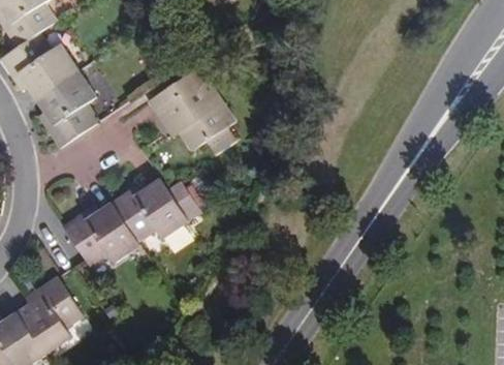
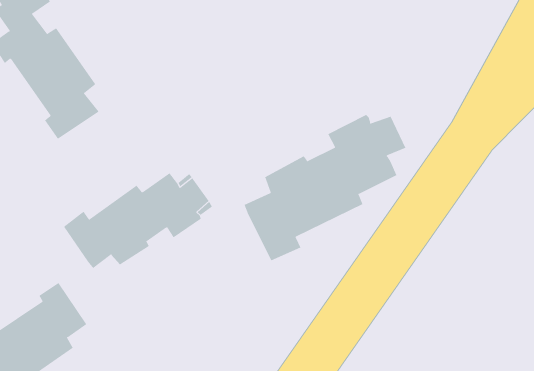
building: [149,64,234,149] -> none
building: none -> [244,114,406,261]

